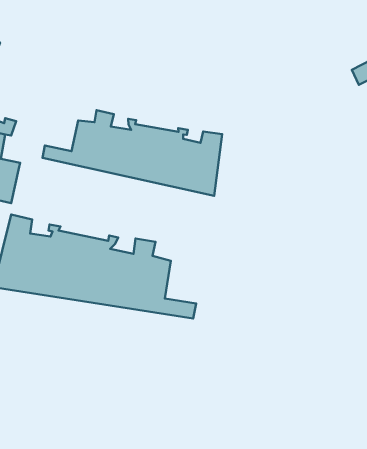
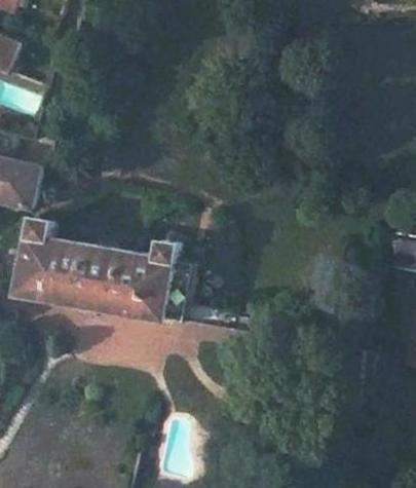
building: [42,110,222,196] -> none

